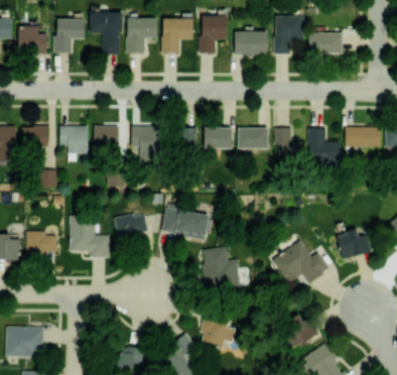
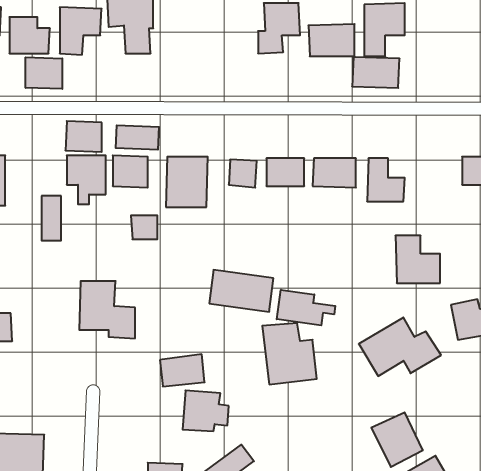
building: [162,17,193,52] -> none
building: [127,18,158,53] -> none
building: [309,31,344,53] -> [352,57,400,88]
building: none -> [26,57,62,89]
building: none -> [116,125,159,150]
building: [22,125,48,147] -> [65,121,102,152]
building: [308,128,341,162] -> [395,236,440,283]
building: [116,213,148,236] -> [160,354,205,386]
building: none -> [277,290,335,325]
building: [26,230,57,258] -> none
building: [202,317,235,346] -> [183,390,229,431]

